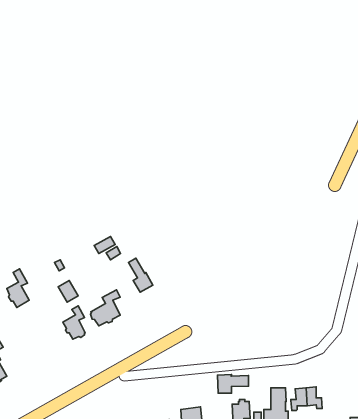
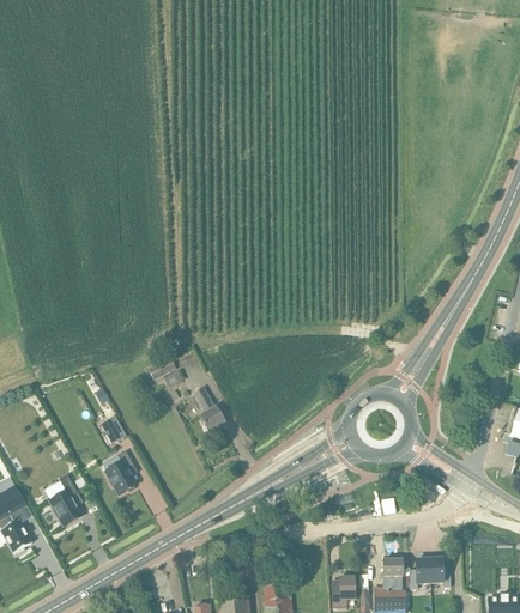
building: [7,269,29,308] -> [50,474,80,526]
building: [90,290,120,326] -> none
building: [217,374,249,393] -> none

